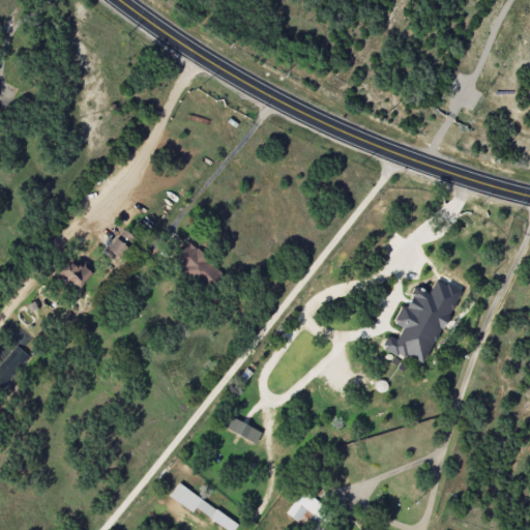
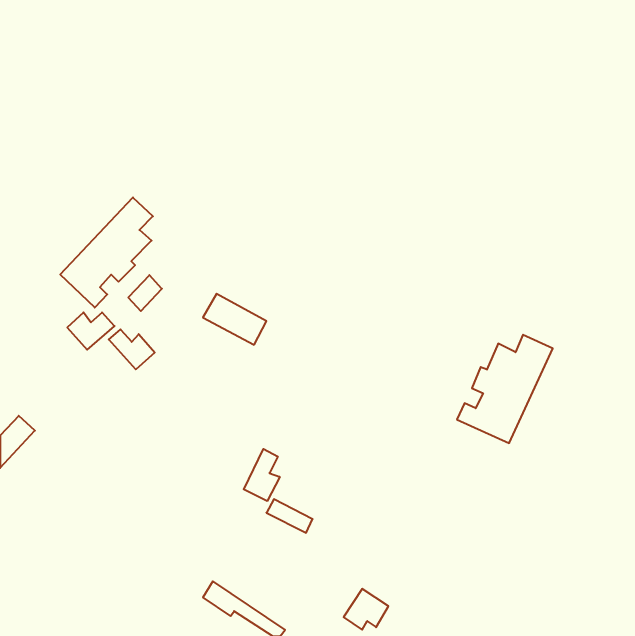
building: none -> [60,197,153,308]
building: none -> [109,329,155,369]
building: none -> [244,449,280,501]

